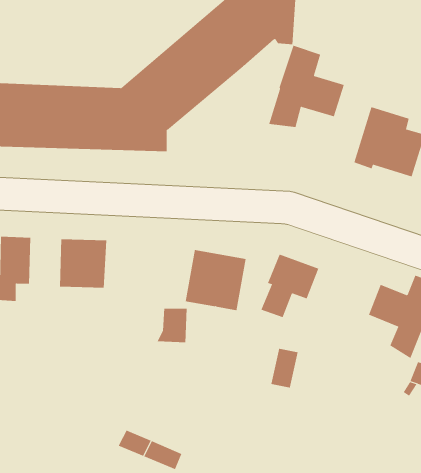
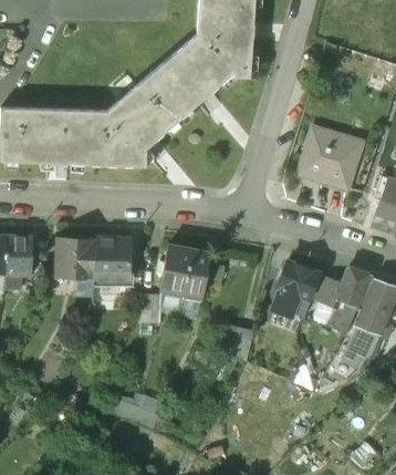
building: [269,45,344,128] -> none
building: none -> [94,236,131,286]
building: [260,254,319,318] -> [273,262,322,316]

